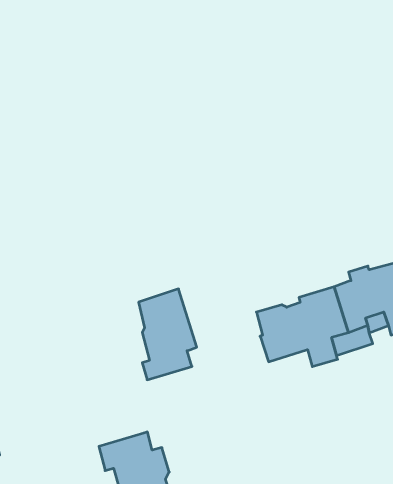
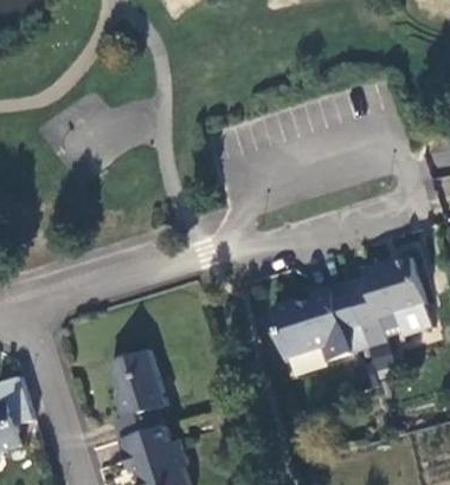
building: [139,289,197,380] -> [110,350,167,439]

